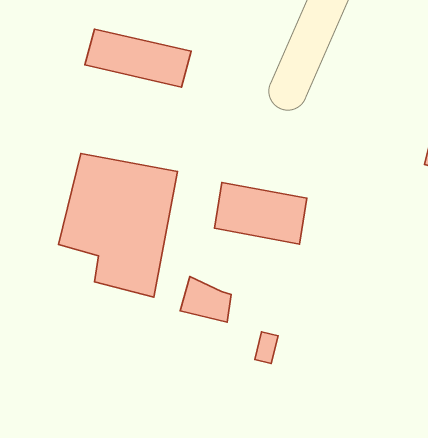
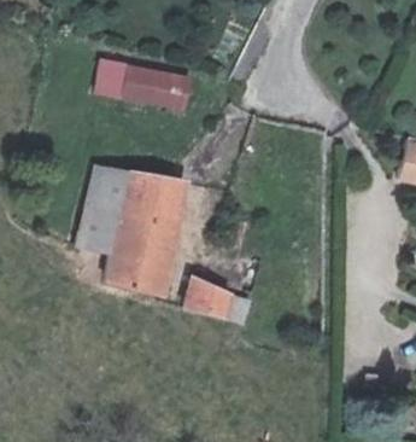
building: [215,182,307,244] -> none

